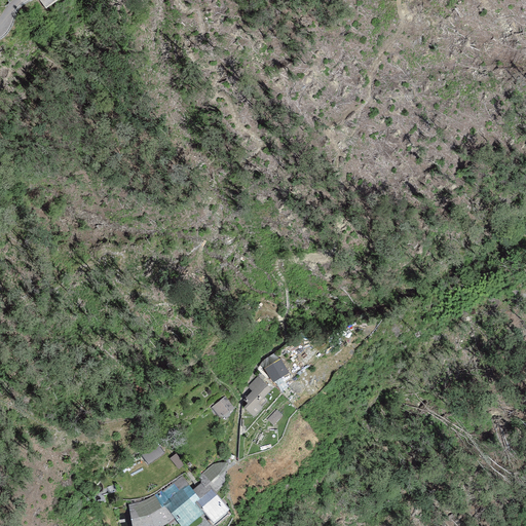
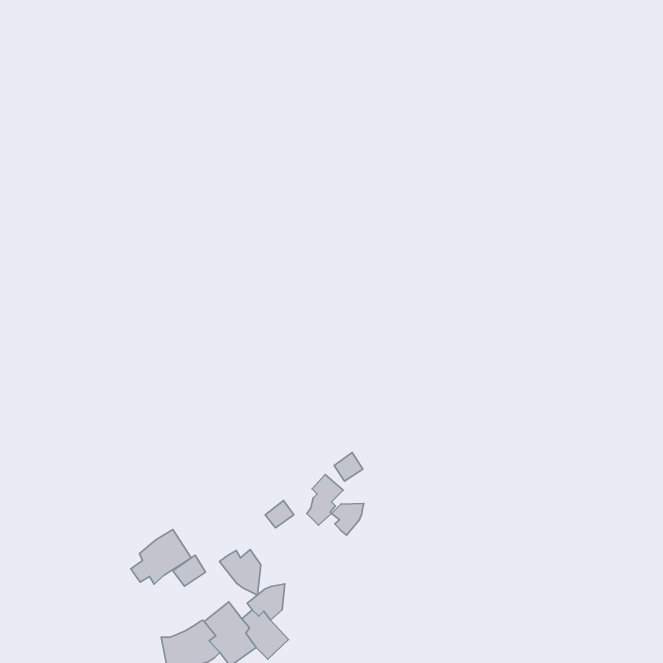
building: none -> [332,504,364,535]
building: none -> [131,530,191,584]
building: none -> [220,550,261,595]

